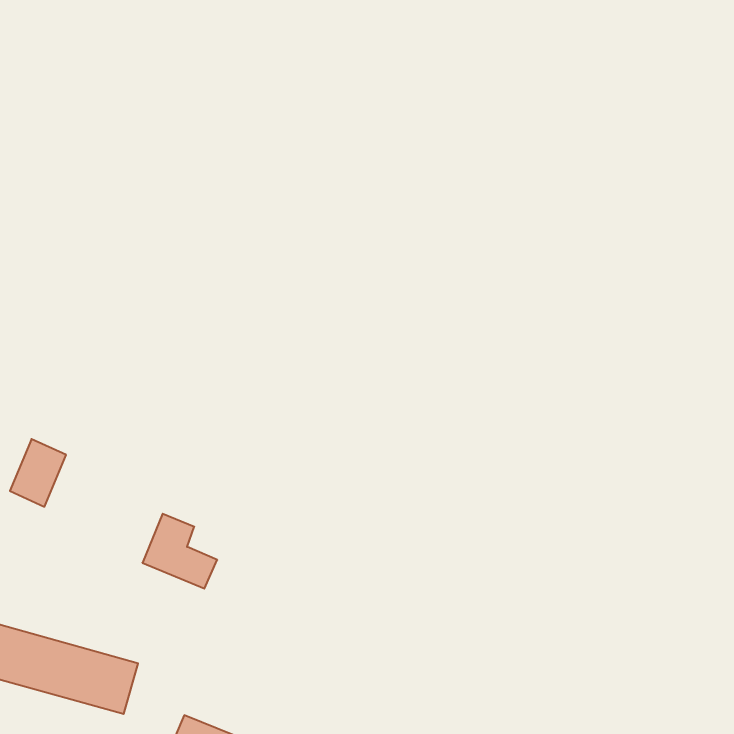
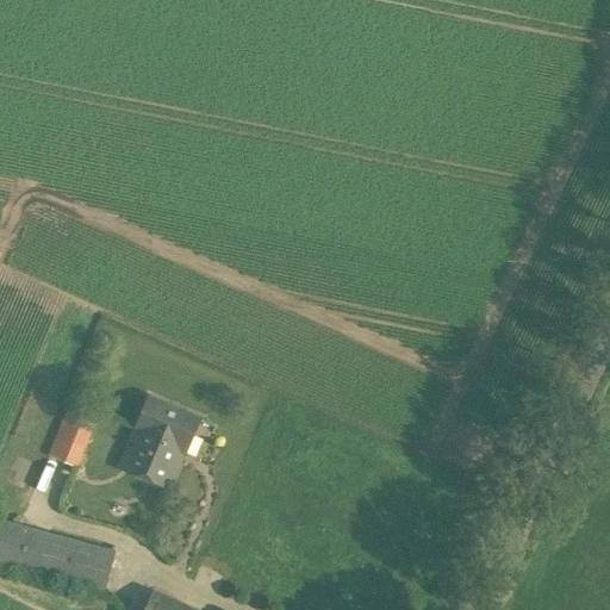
building: [10,439,66,507] -> [46,412,93,468]
building: none -> [135,397,199,465]

